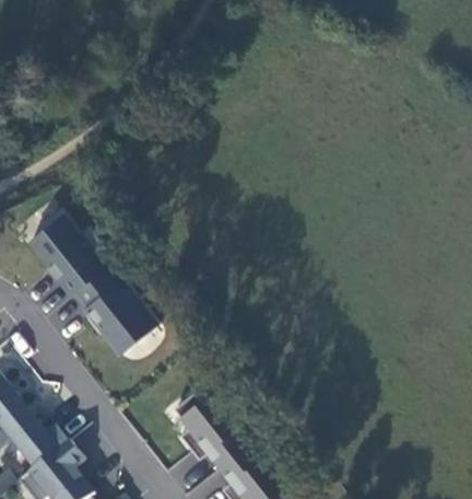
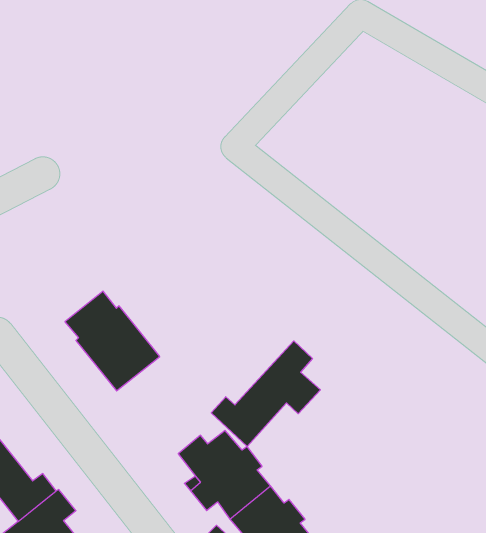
building: [28,209,114,297] -> none
building: none -> [211,341,320,446]

